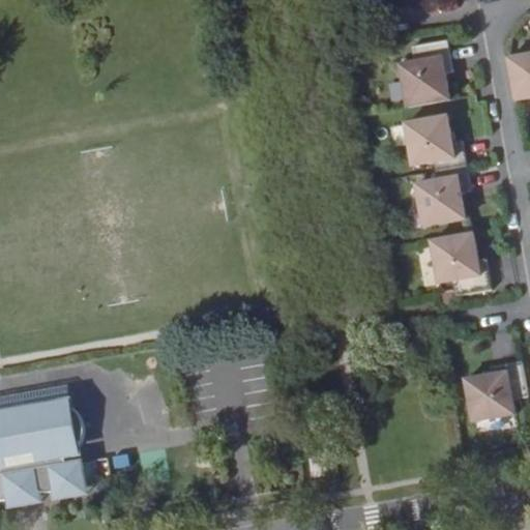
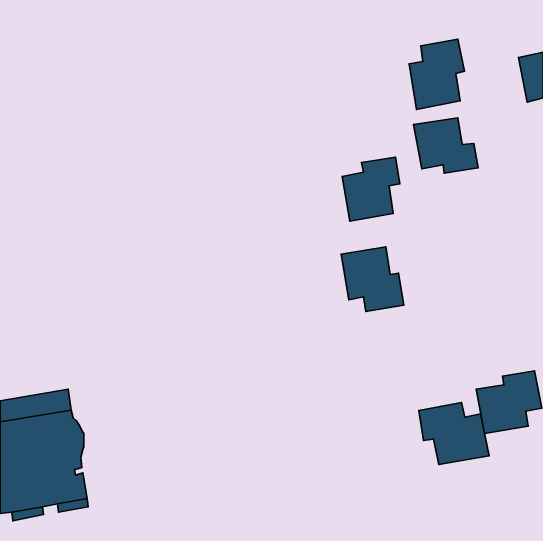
building: [414,164,470,226] -> [342,157,400,221]
building: [430,232,491,295] -> [341,247,404,312]
building: none -> [419,402,489,465]

